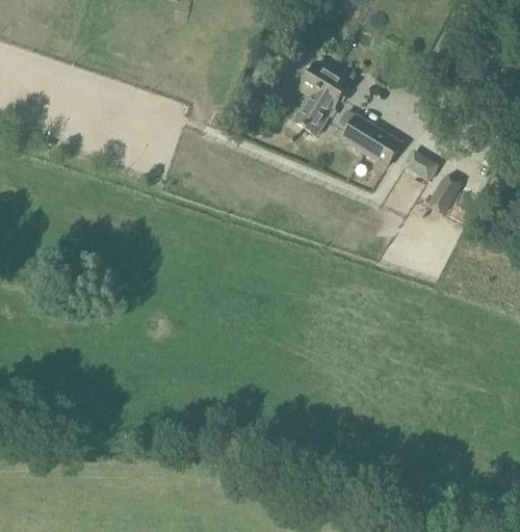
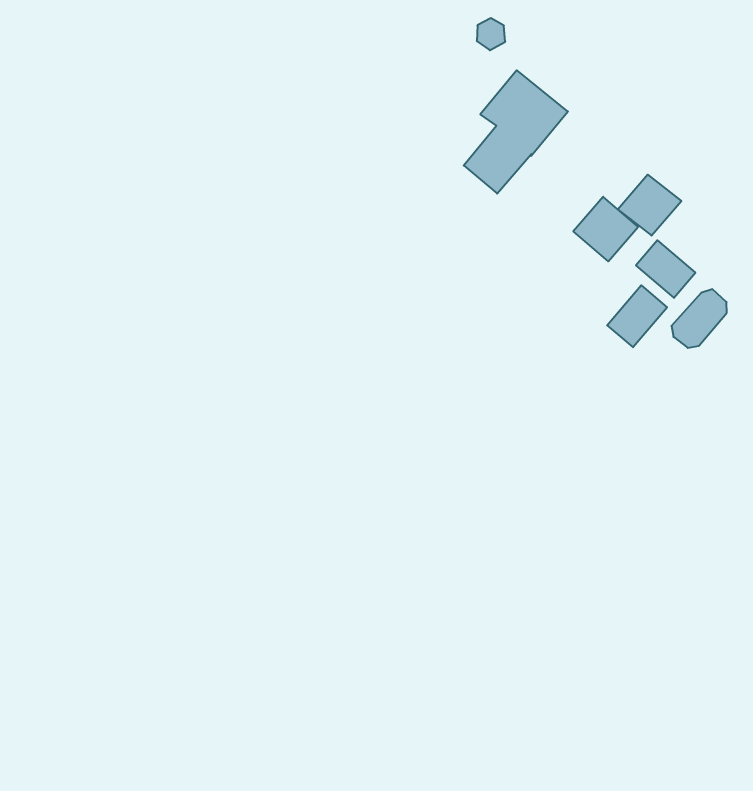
building: [341,115,378,151] -> [618,175,681,236]
building: none -> [607,285,667,347]

